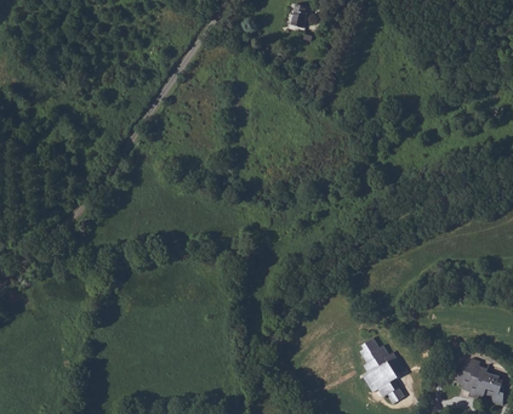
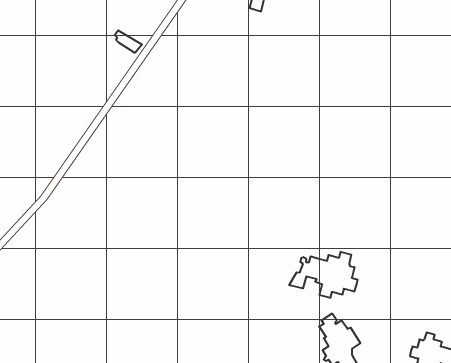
building: none -> [289,252,358,298]

